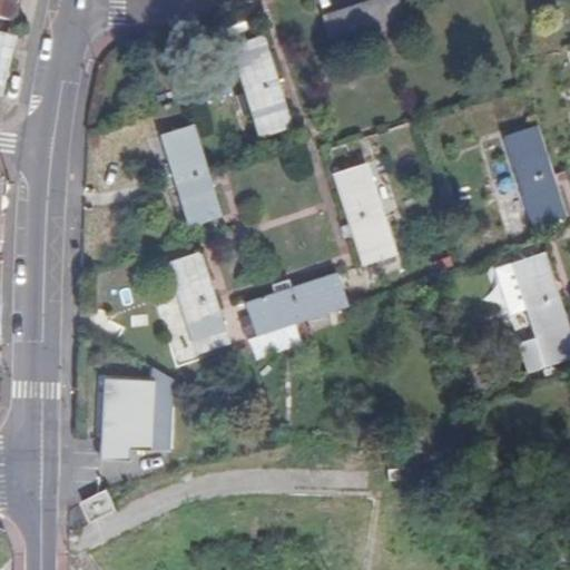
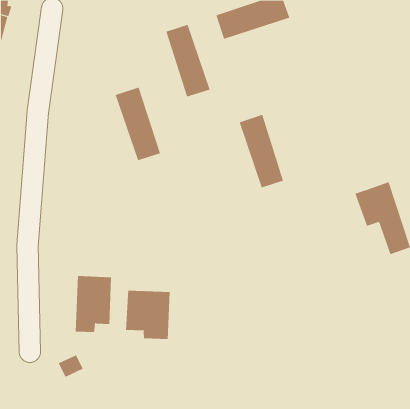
building: [500,126,563,226] -> none
building: [167,252,229,353] -> none
building: [242,271,345,334] -> none
building: none -> [125,290,170,340]

